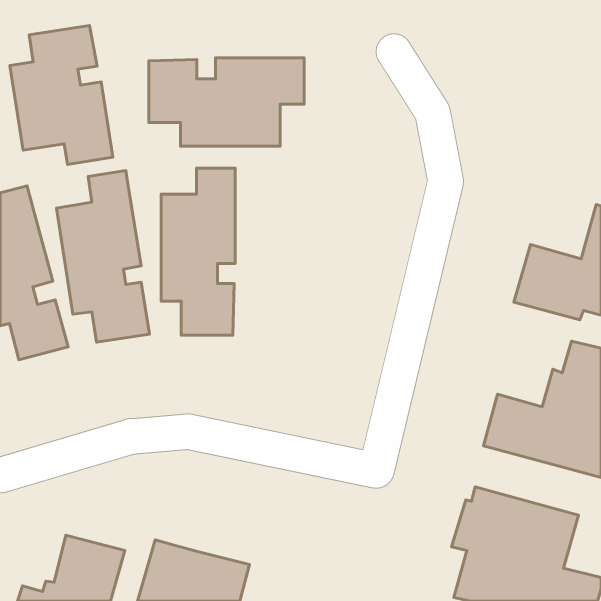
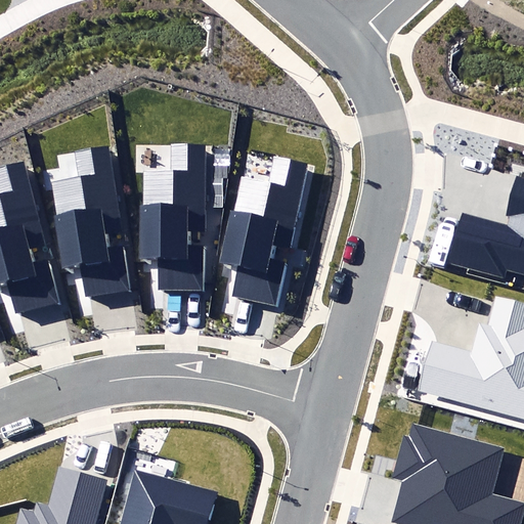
building: [10,25,113,164] -> none
building: [149,58,304,146] -> none
building: none -> [220,157,307,306]

